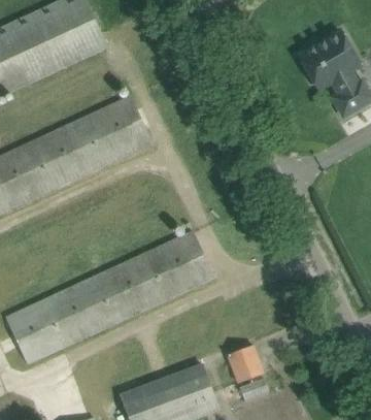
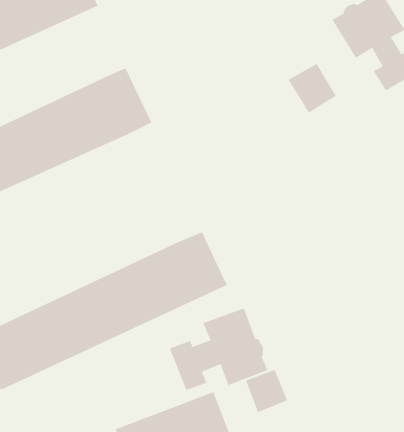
building: none -> [288,63,337,114]
building: none -> [169,307,268,391]

